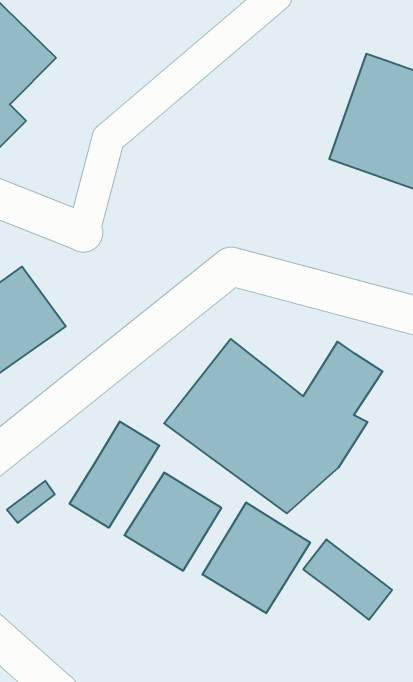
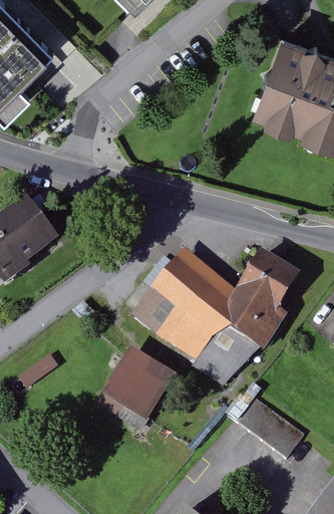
building: [70,421,159,528] -> none
building: [202,502,310,613] -> none

